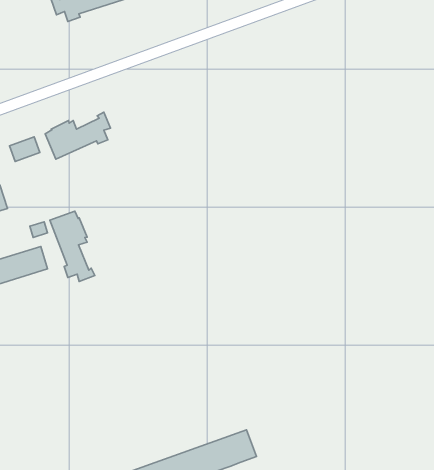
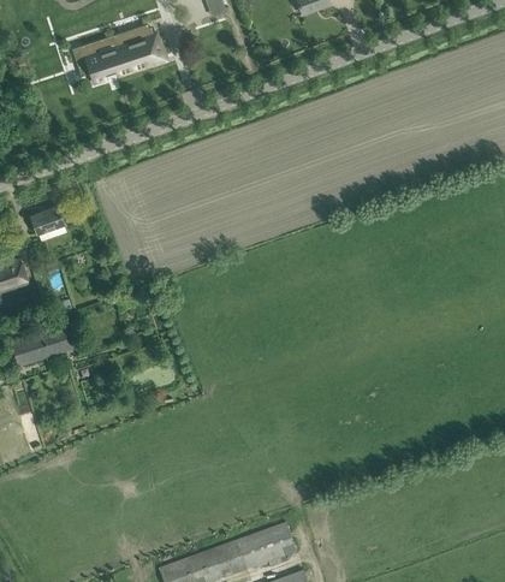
building: [45,112,111,159] -> none
building: [50,211,95,281] -> none

